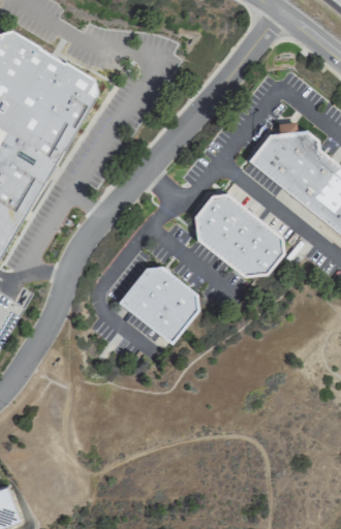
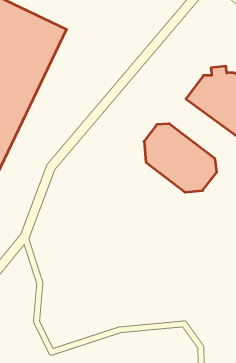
building: [117,259,204,344] -> none

